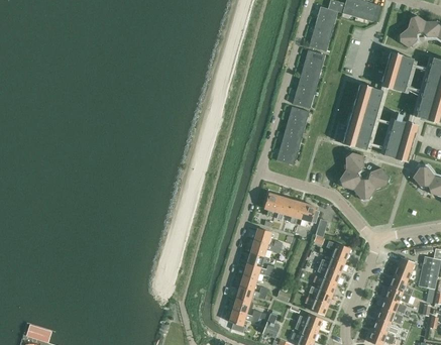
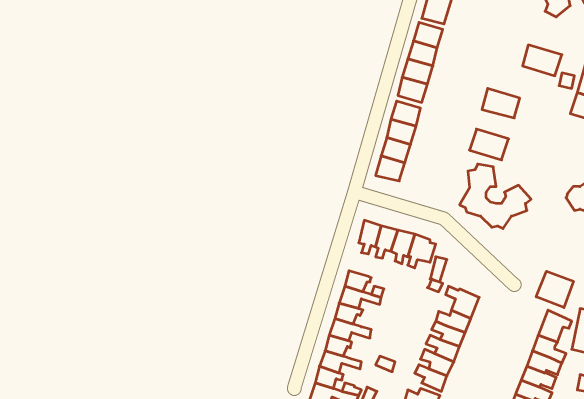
building: [385,51,414,74] -> none
building: [356,83,383,105] -> none
building: [383,112,416,160] -> none
building: [348,113,375,134] -> none
building: none -> [536,271,573,308]

